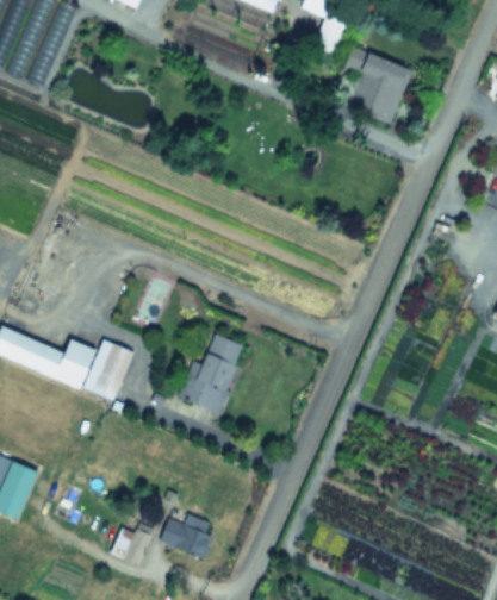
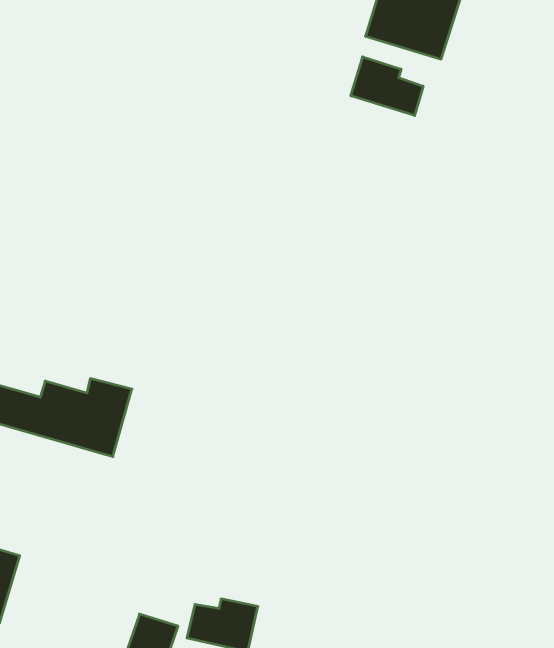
building: none -> [351,57,423,116]
building: [178,336,243,413] -> none

